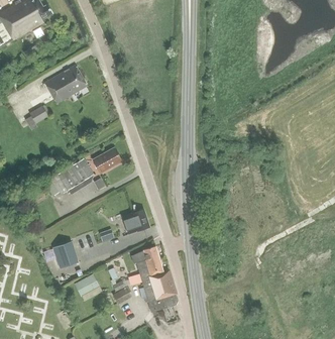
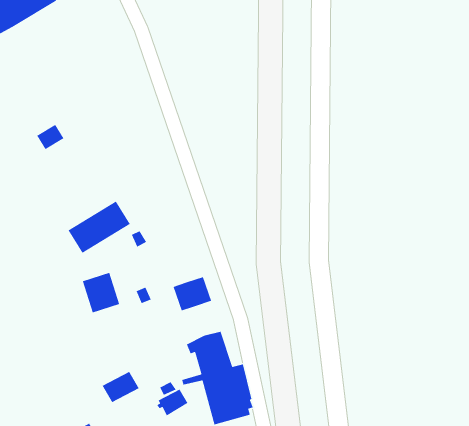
building: [43,65,86,103] -> none
building: [92,147,121,173] -> none
building: [51,240,78,268] -> [82,272,120,313]

